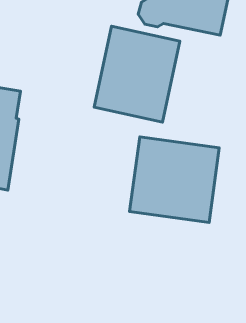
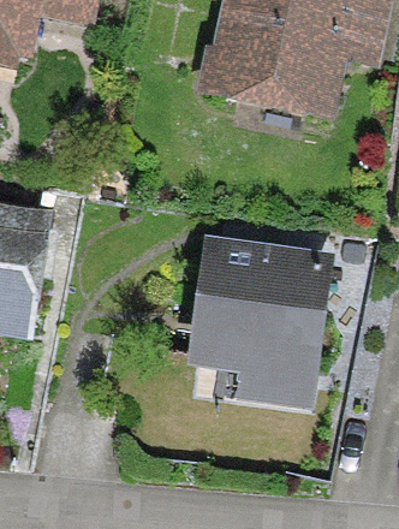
building: [94,26,180,122] -> none

